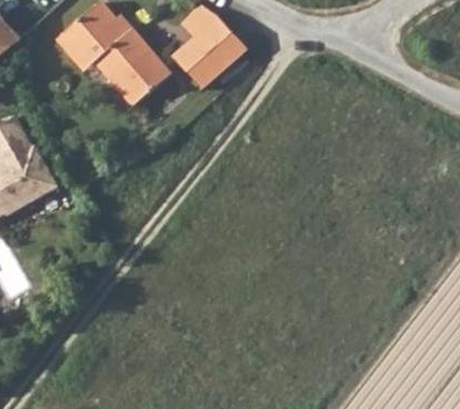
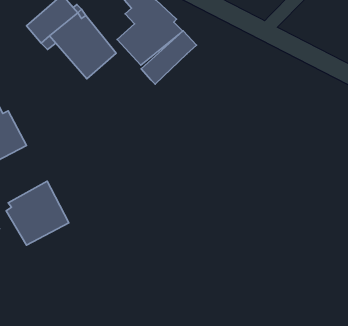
building: none -> [141,31,197,84]
building: none -> [6,181,69,245]

